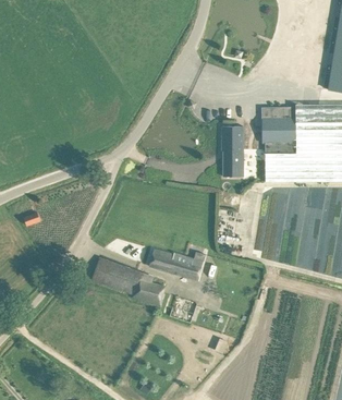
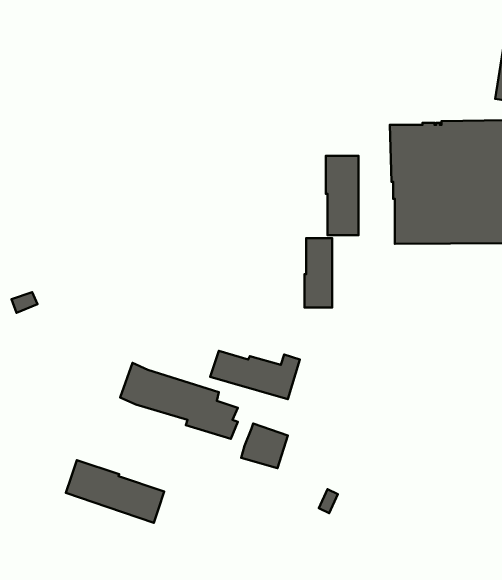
building: none -> [305,238,332,307]
building: none -> [66,460,164,523]

